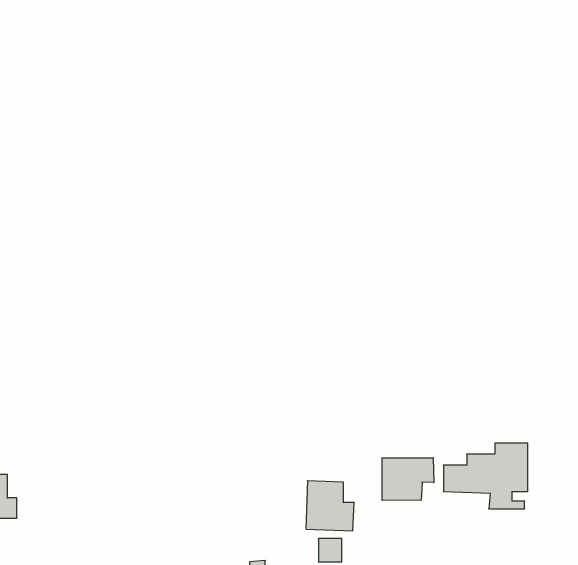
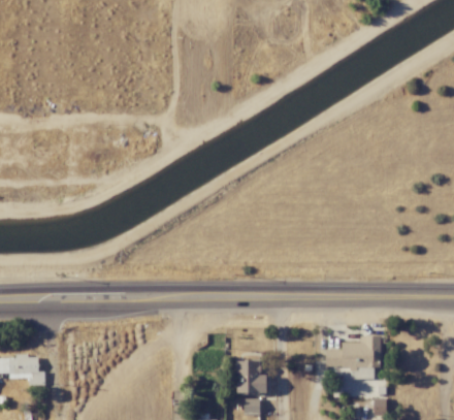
building: [382,458,434,500] -> none

